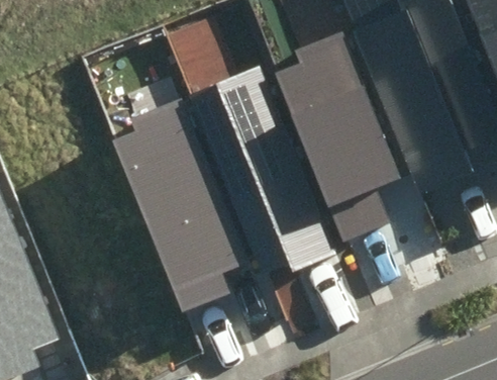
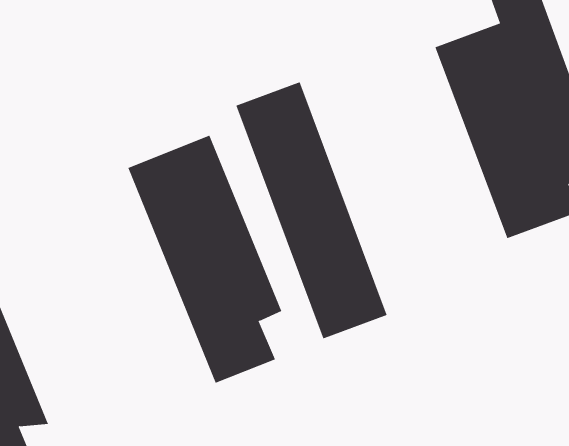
building: [274,37,394,235] -> none

